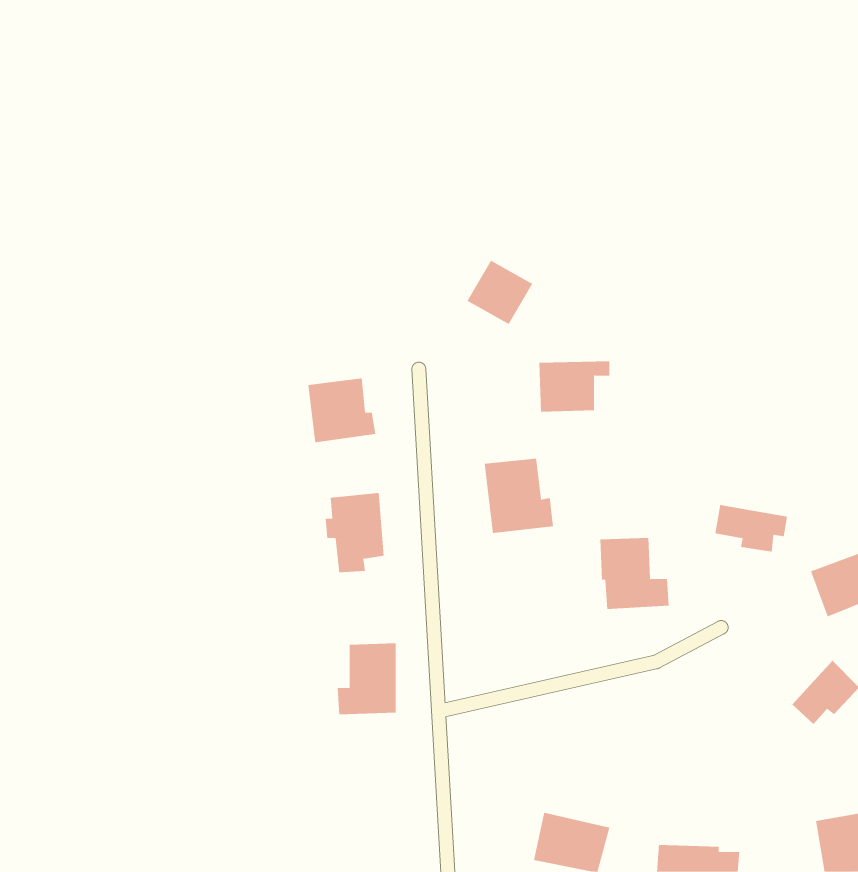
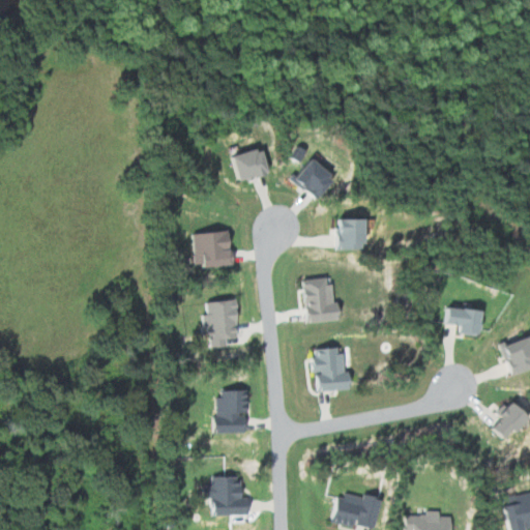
building: none -> [229,146,268,182]
building: [600,538,670,609] -> [314,347,356,390]
building: none -> [206,476,251,516]

